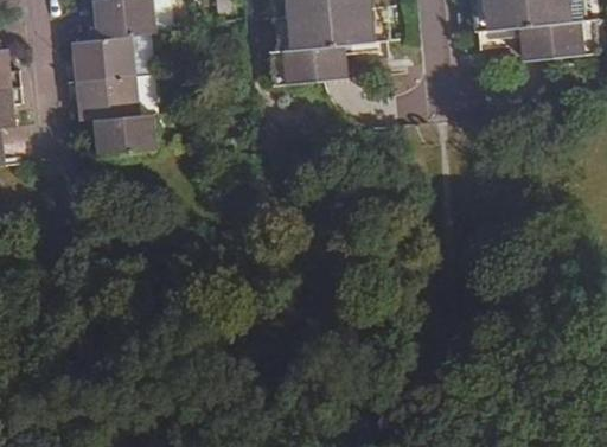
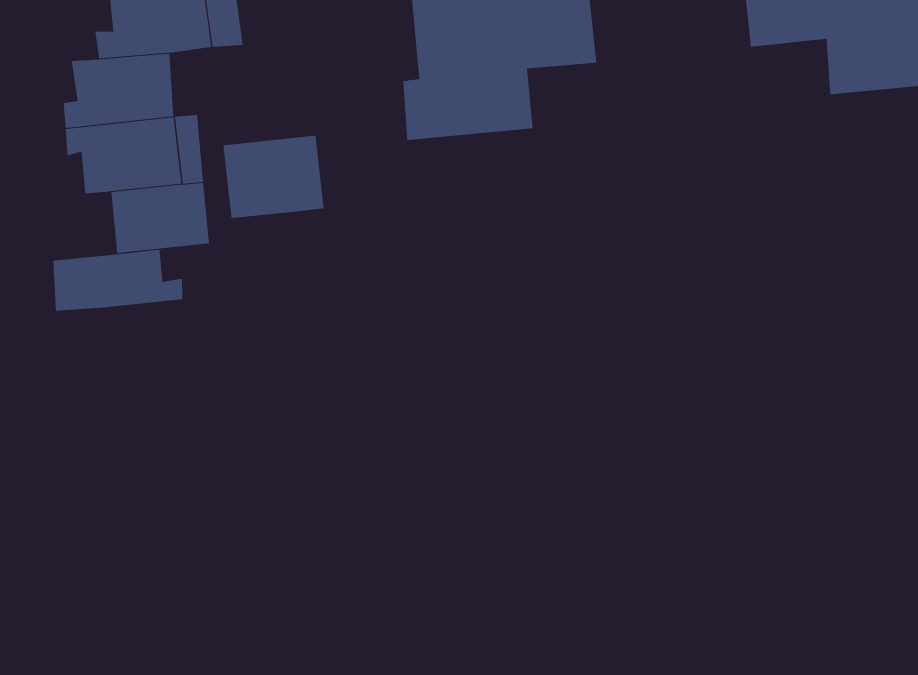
building: none -> [223,135,324,219]
building: none -> [53,249,183,311]

